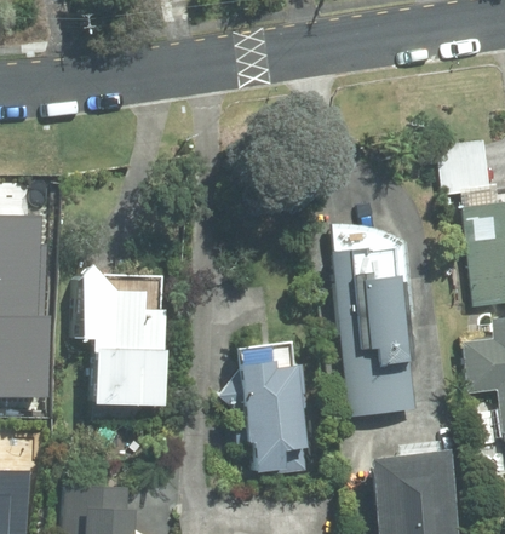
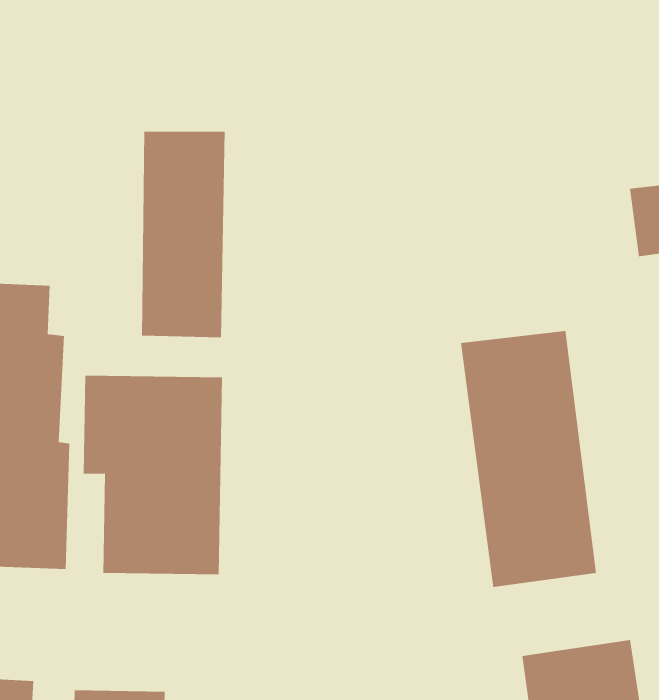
building: none -> [141,131,225,338]
building: [231,340,300,471] -> none

